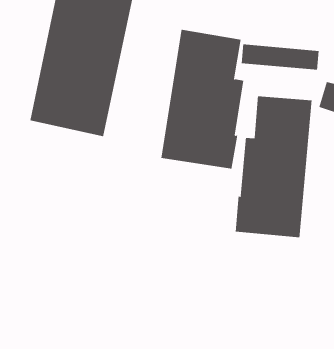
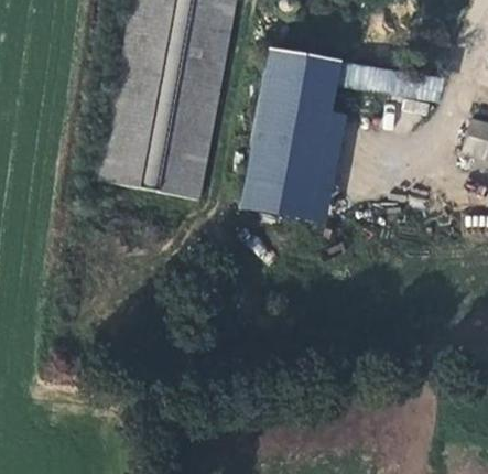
building: [235,95,312,238] -> none

